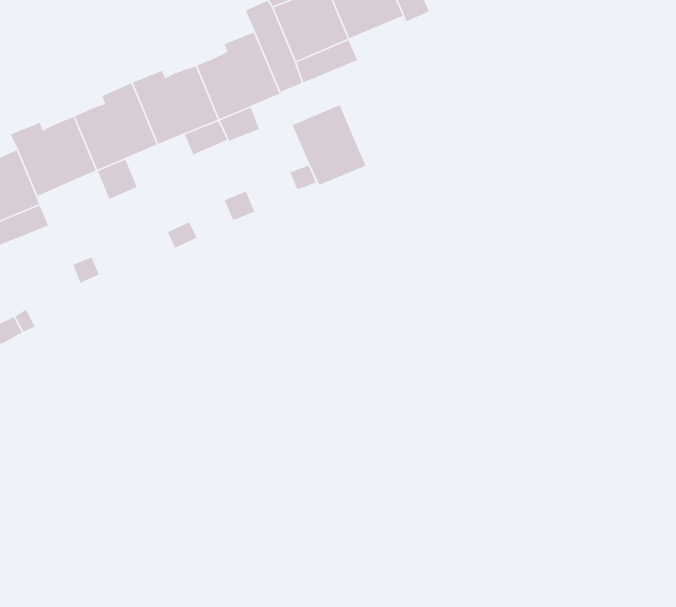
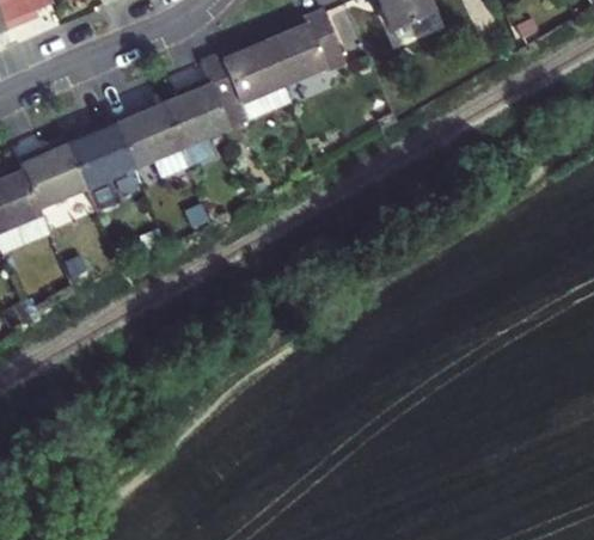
building: [291,104,367,186] -> none

